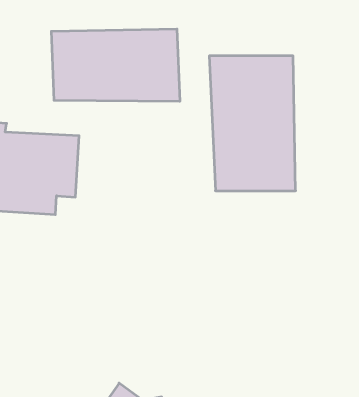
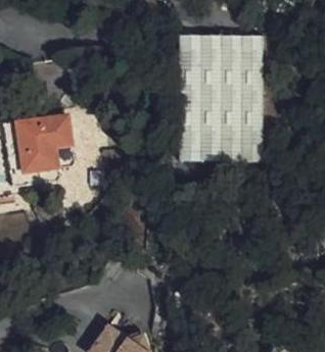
building: [51,29,180,101] -> none

